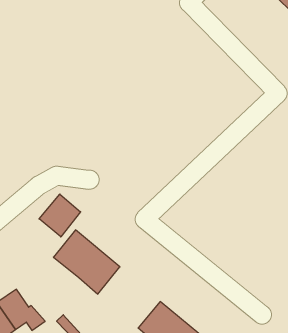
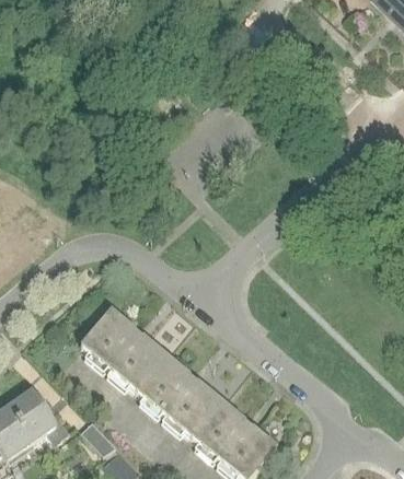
building: [39,194,81,237] -> none
building: none -> [140,359,223,440]

